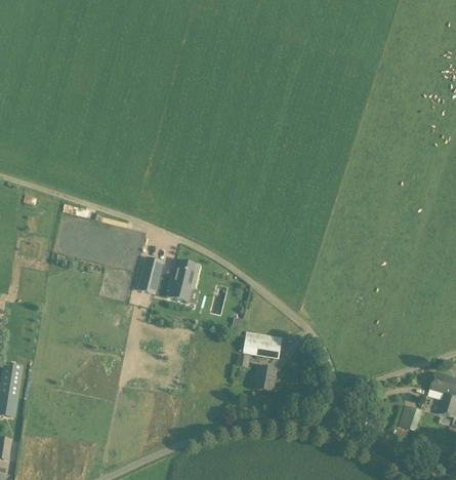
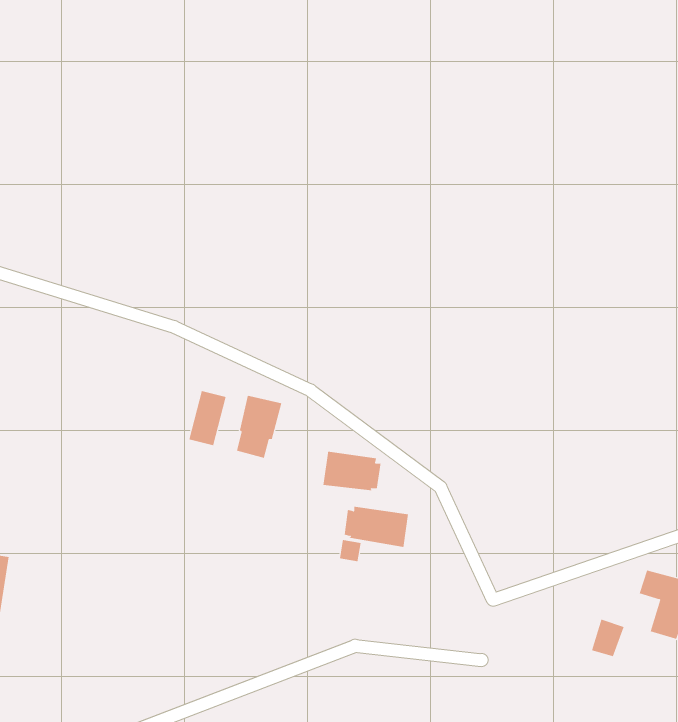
building: none -> [323,451,381,491]
building: [254,366,276,392] -> none

